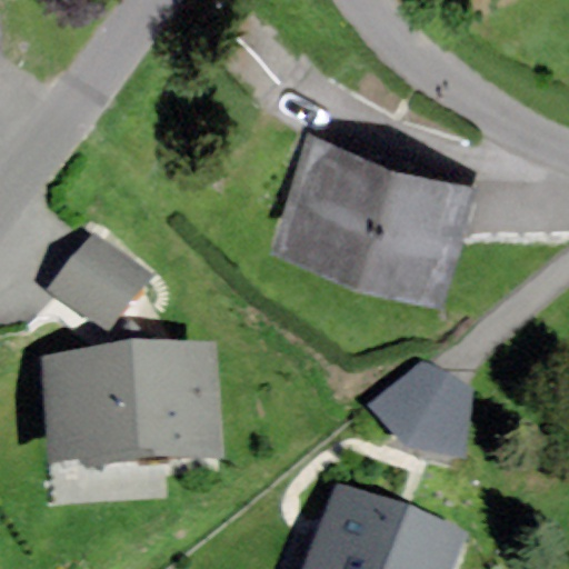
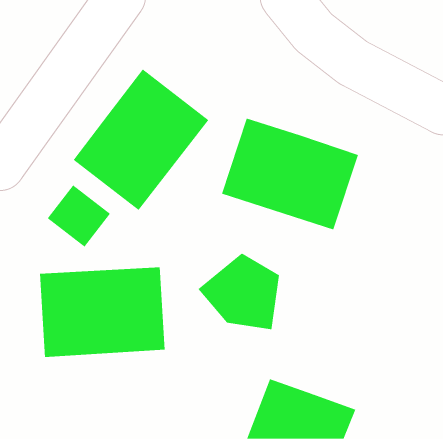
building: none -> [73,69,209,211]
building: [366,362,471,461] -> [198,253,280,330]

